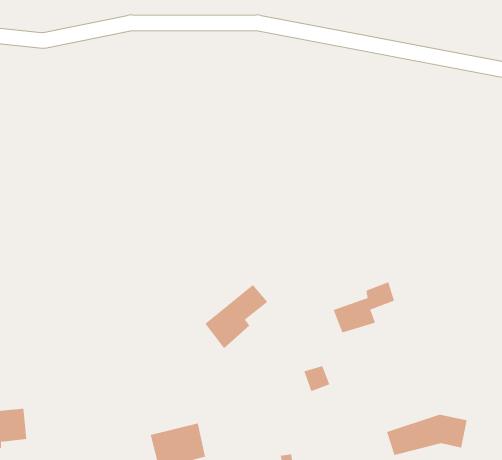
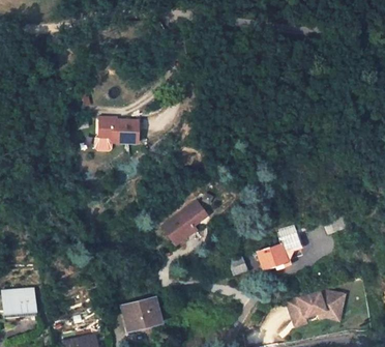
building: none -> [102,119,141,144]
building: [333,282,395,333] -> [257,232,300,268]

